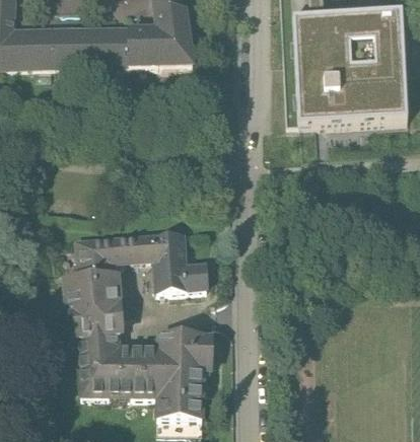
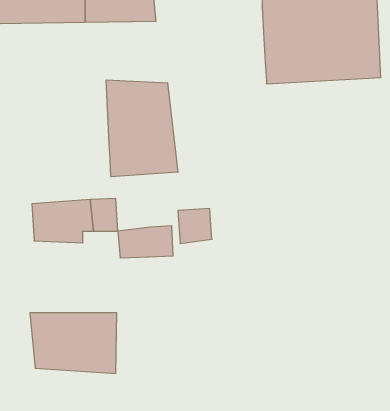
building: none -> [106,80,178,177]
building: [153,232,186,266] -> [178,209,212,244]
building: [59,275,126,344] -> none
building: [153,332,212,419] -> none

